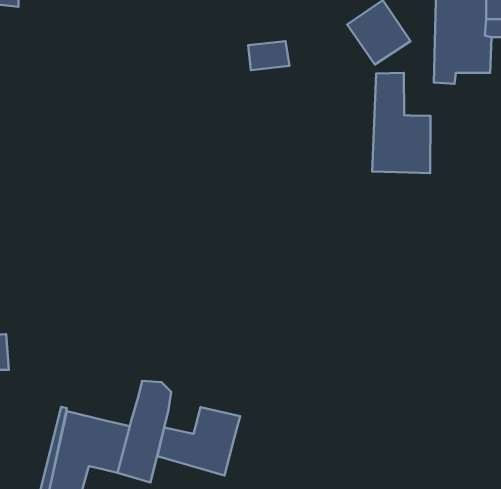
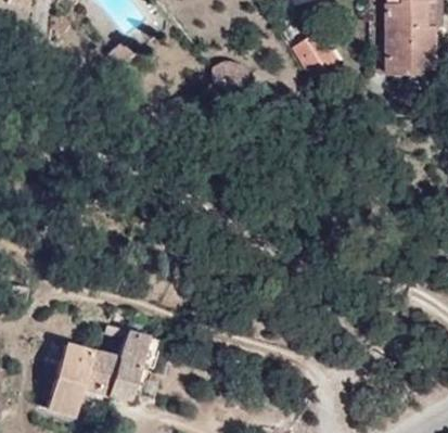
building: [372,73,431,173] -> none
building: [157,407,240,475] -> none

